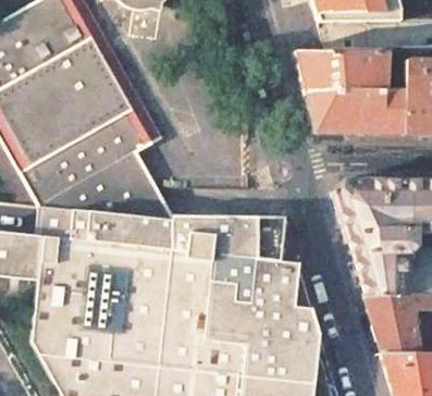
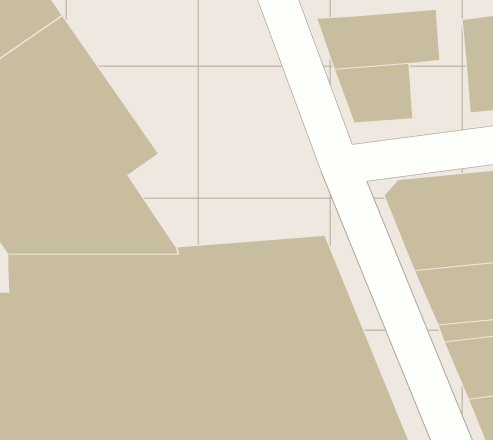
building: [360,91,405,134] -> none

